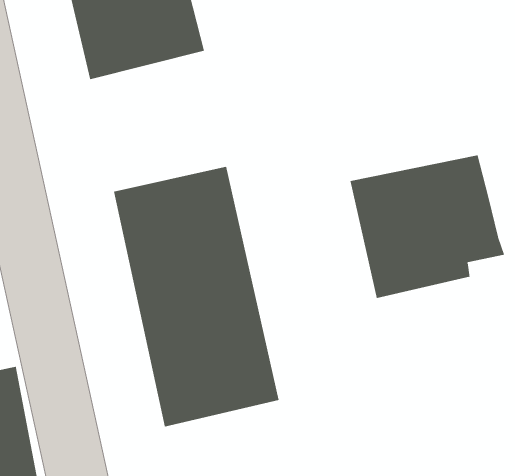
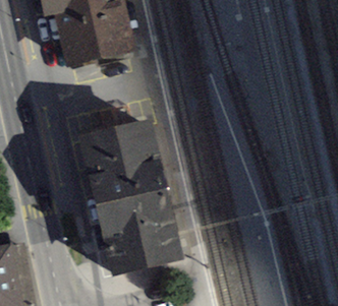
building: [350,154,505,299] -> none

